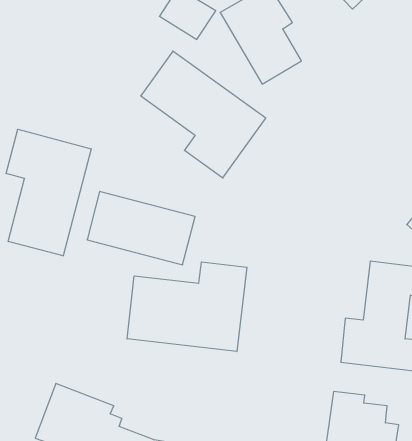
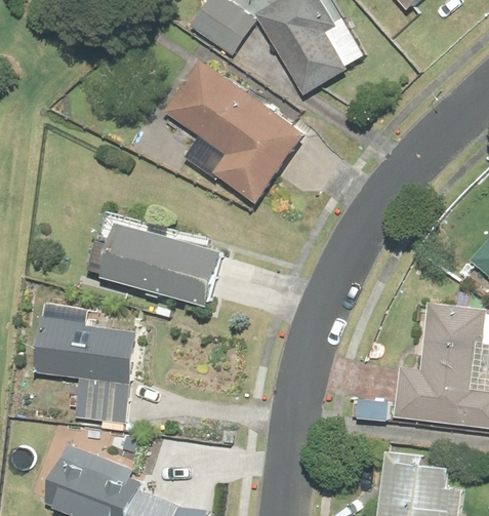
building: [6,129,91,256] -> none
building: [127,262,247,352] -> none
building: none -> [35,317,137,424]

